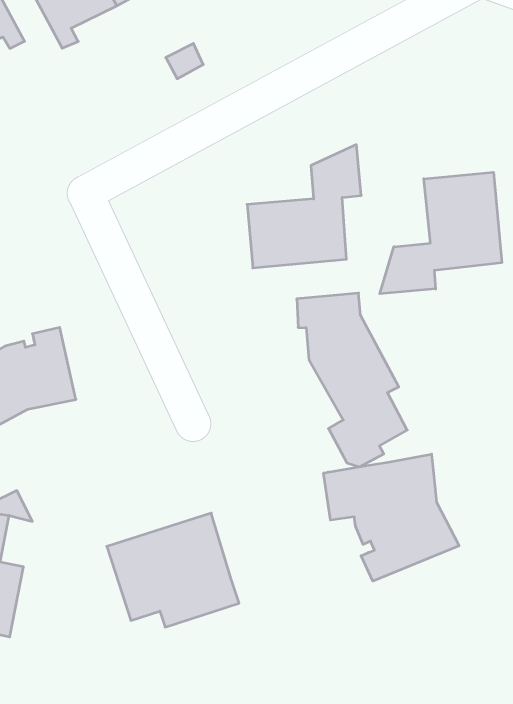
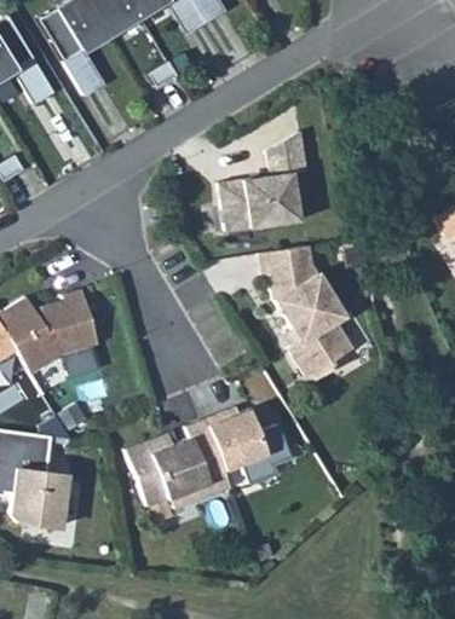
building: [380,172,502,294] -> none
building: [324,454,459,581] -> none
building: none -> [207,411,267,473]

